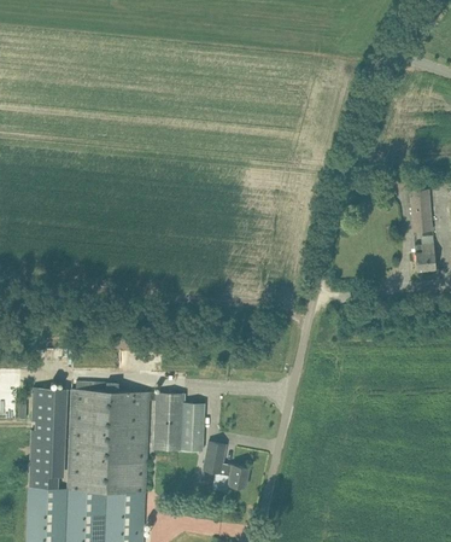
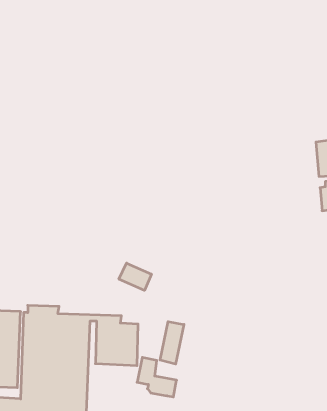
building: none -> [119,263,151,290]
building: none -> [160,322,184,364]

